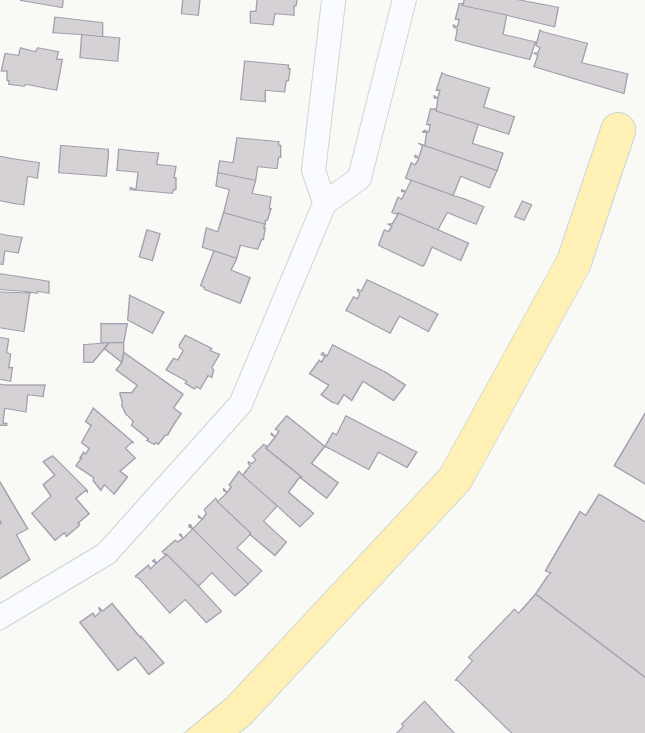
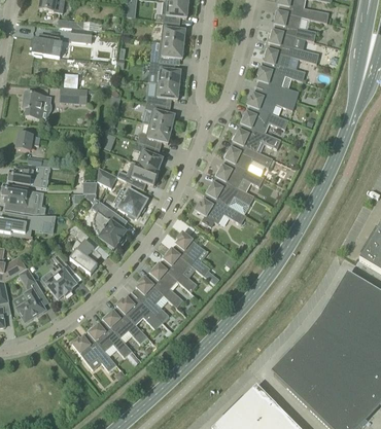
building: none -> [160,21,185,43]
building: [534,30,628,93] -> [268,29,318,63]
building: [117,149,176,193] -> [148,61,180,84]
building: none -> [223,141,272,169]
building: none -> [126,160,159,187]
building: [325,416,417,469] -> [205,176,254,205]
building: none -> [86,319,132,357]

